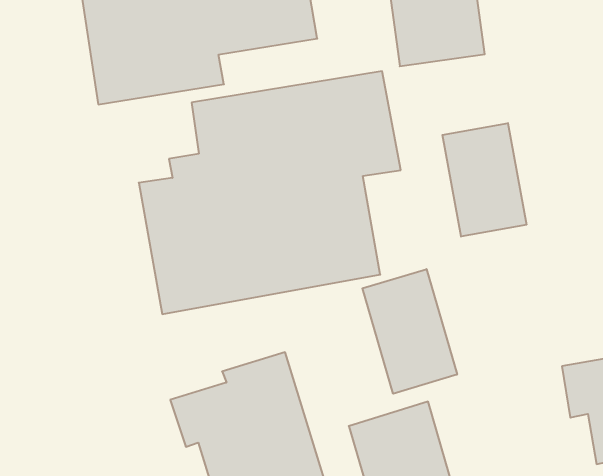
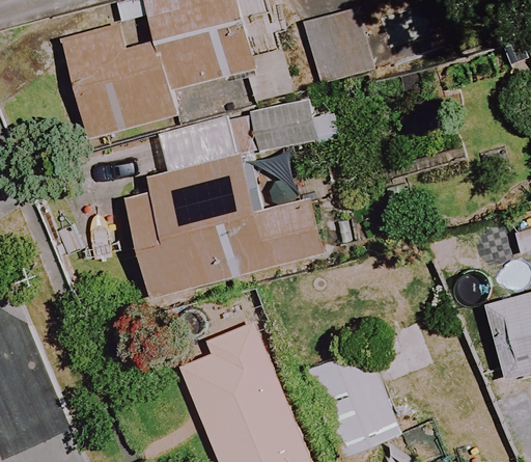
building: [442,123,526,237] -> none
building: [362,269,457,394] -> none

